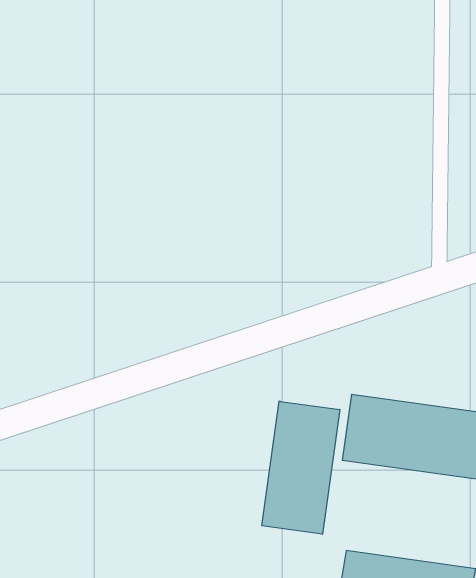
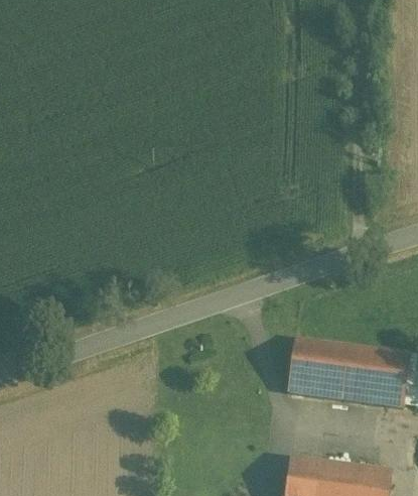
building: [262,401,340,534] -> none

